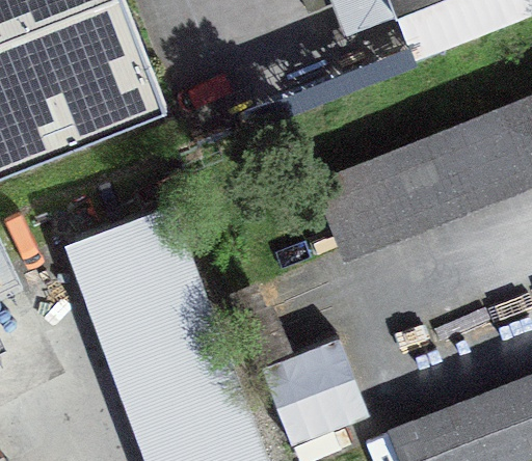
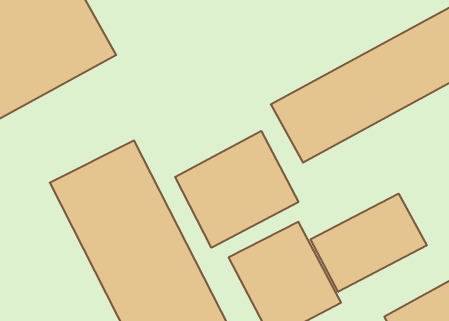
building: none -> [175,131,298,248]
building: none -> [311,194,427,292]

